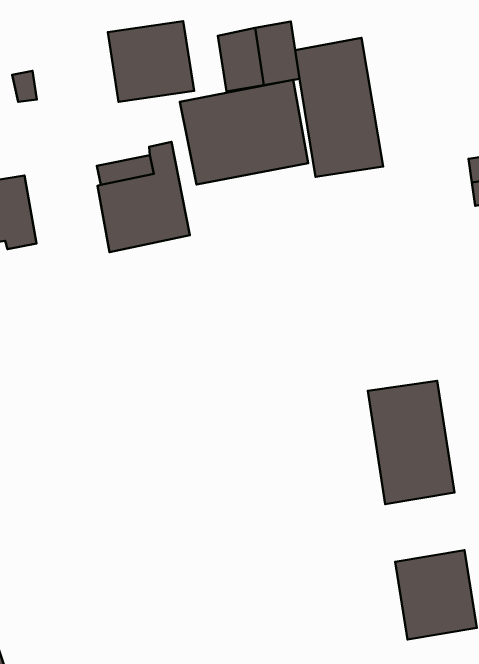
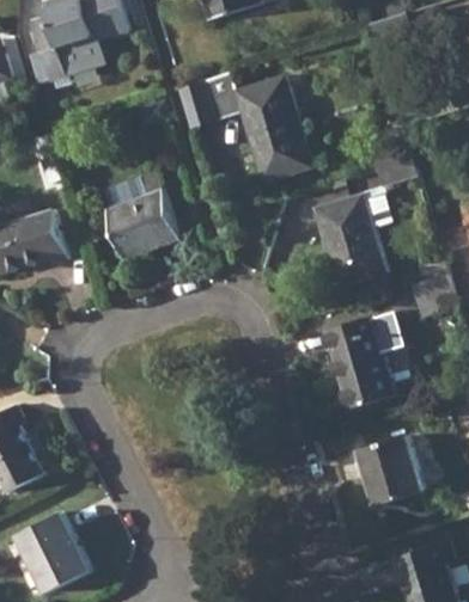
building: [108,21,194,102] -> none
building: [180,80,308,184] -> none
building: none -> [313,192,388,289]

